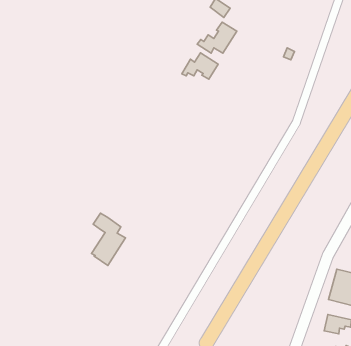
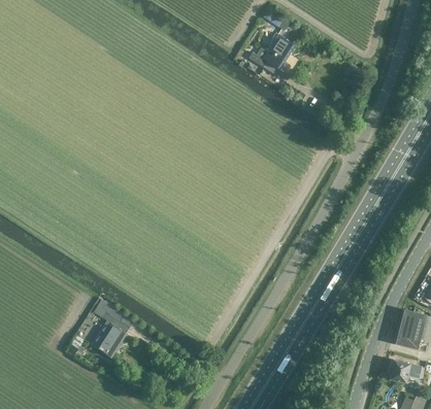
building: [182,53,218,79] -> none
building: [91,213,125,265] -> [92,299,130,357]

